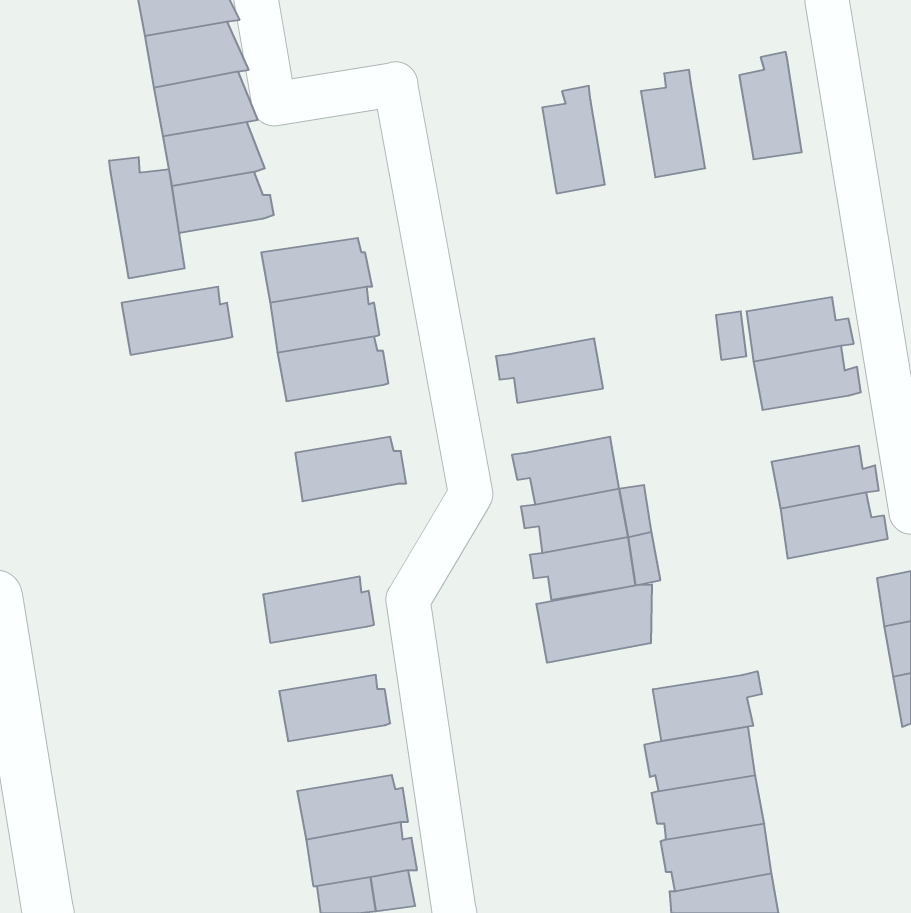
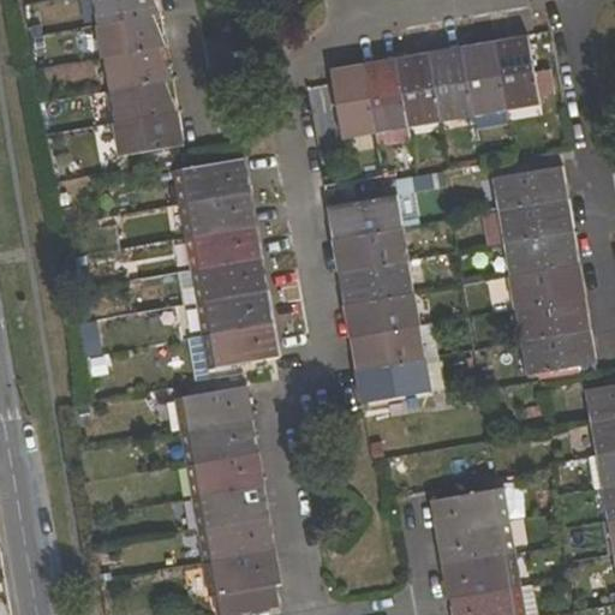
building: none -> [464,41,506,113]
building: none -> [396,52,440,124]
building: none -> [330,64,374,135]
building: [109,157,184,278] -> none
building: none -> [495,166,567,209]
building: [122,287,233,355] -> [192,258,267,304]
building: none -> [327,195,399,238]
building: none -> [338,261,410,304]
building: none -> [512,265,584,310]
building: none -> [203,324,279,368]
building: [536,584,652,663] -> none
building: none -> [181,420,256,464]
building: [653,671,762,741] -> none
building: none -> [193,486,268,531]

